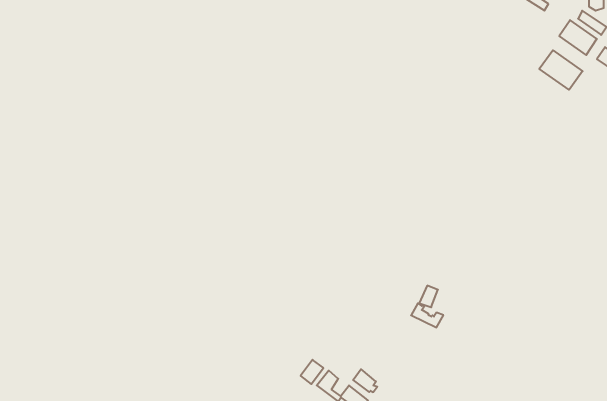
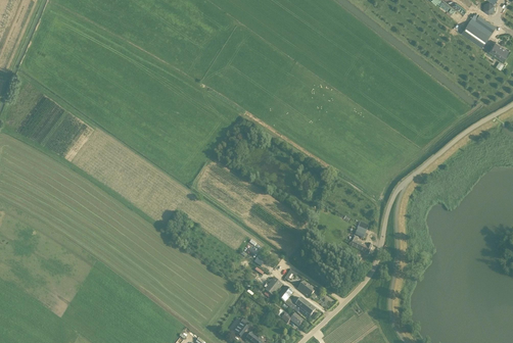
building: [539,50,583,90] -> none

